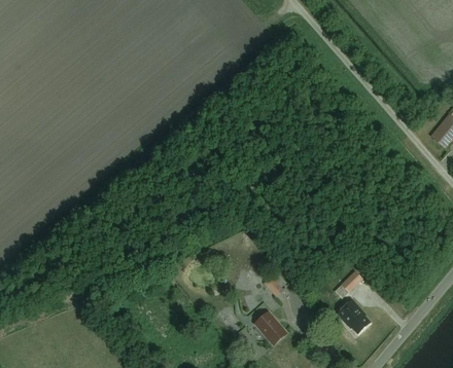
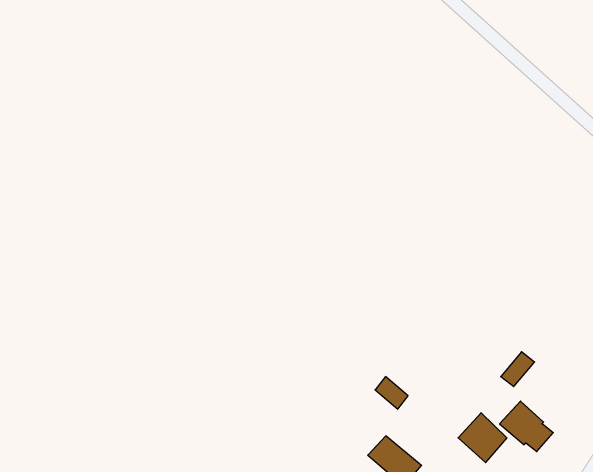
building: none -> [458,413,507,463]

